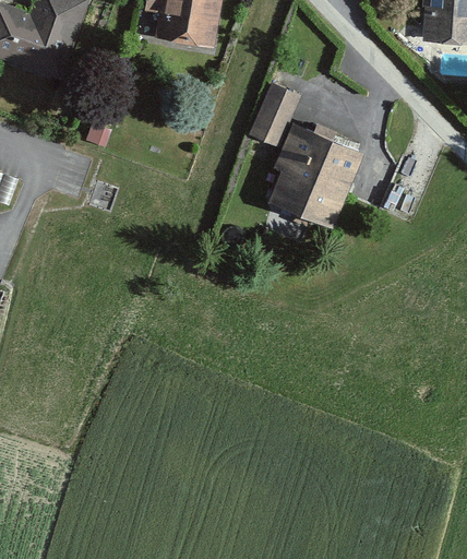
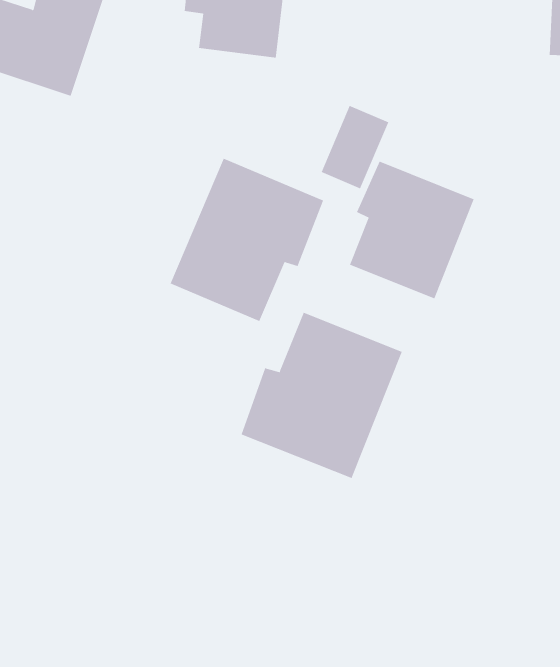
building: none -> [170,158,324,322]
building: none -> [241,312,403,479]

